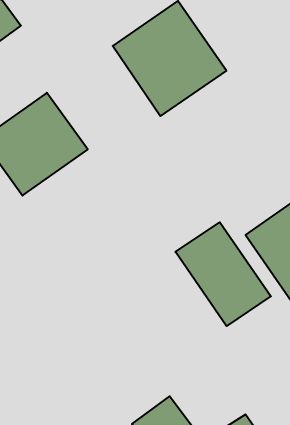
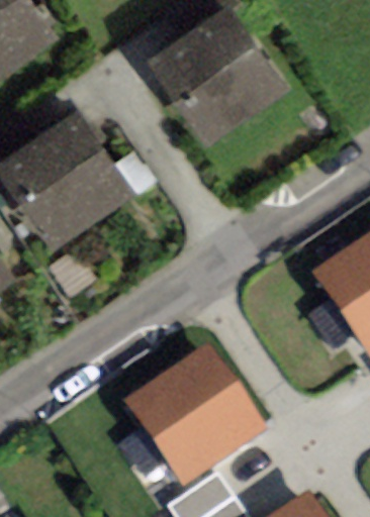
building: [175,222,271,326] -> none
building: none -> [128,353,272,496]

